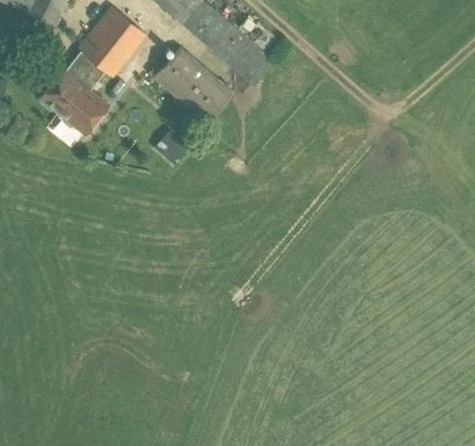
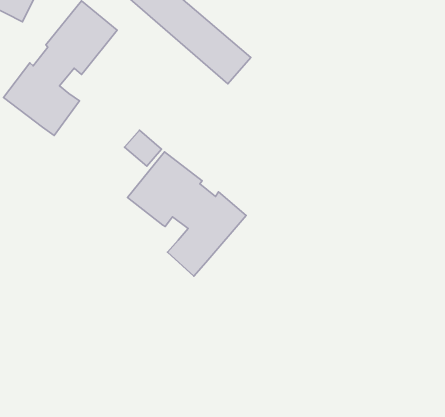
building: [149,47,234,124] -> none
building: none -> [128,152,246,276]

